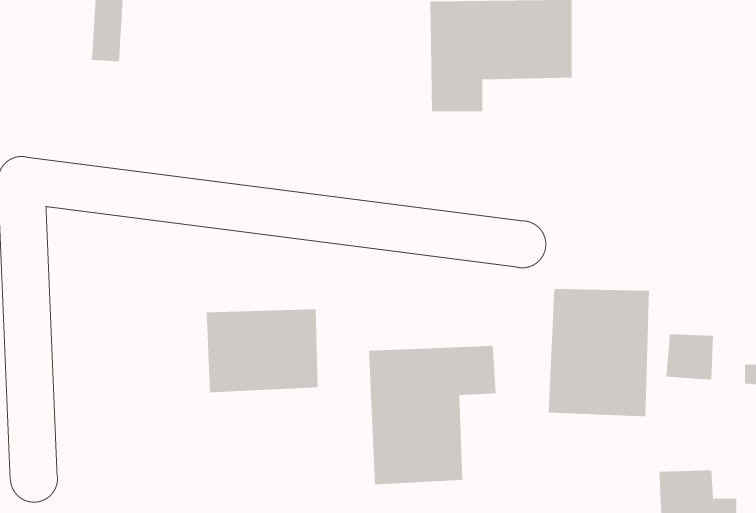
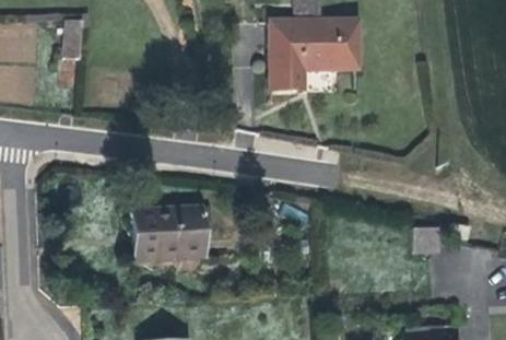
building: [548,288,649,417] -> none
building: [368,345,496,485] -> none

